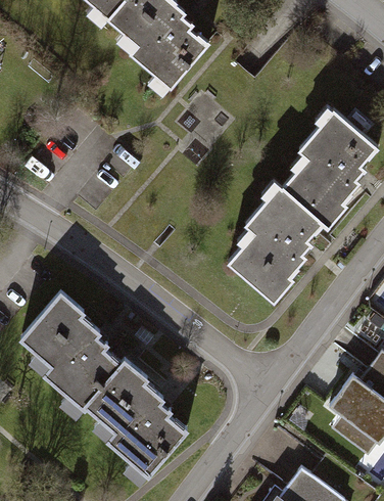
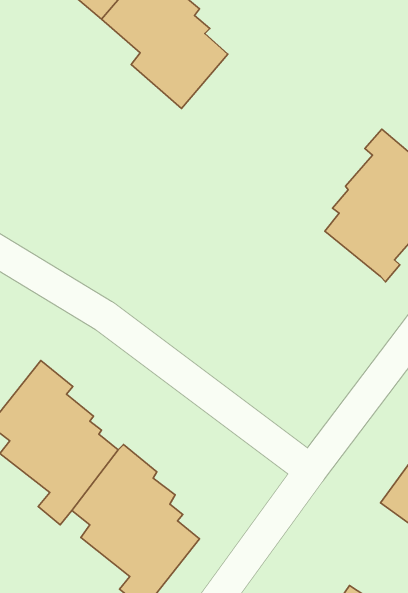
building: [230,182,328,297] -> none

